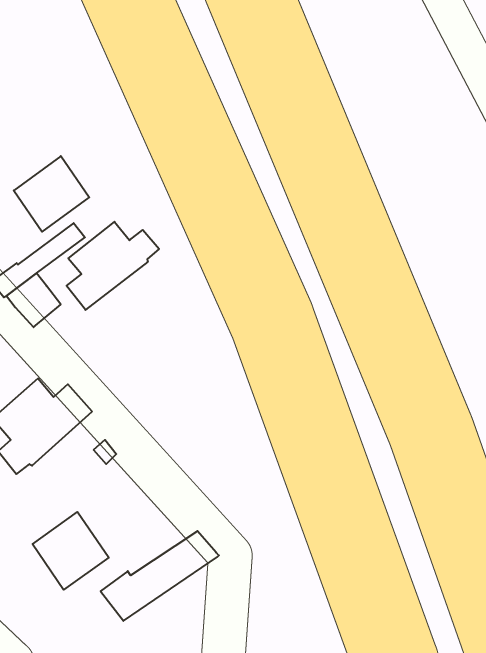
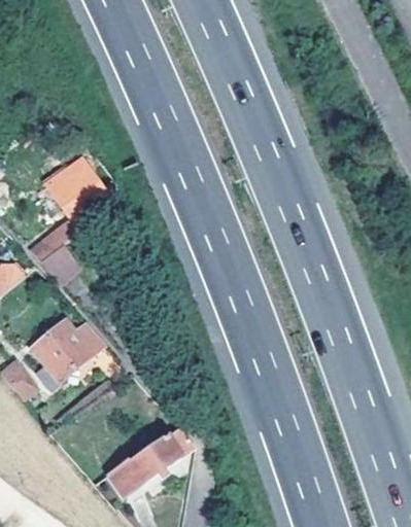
building: [67,222,159,310] -> none
building: [33,512,109,590] -> none

